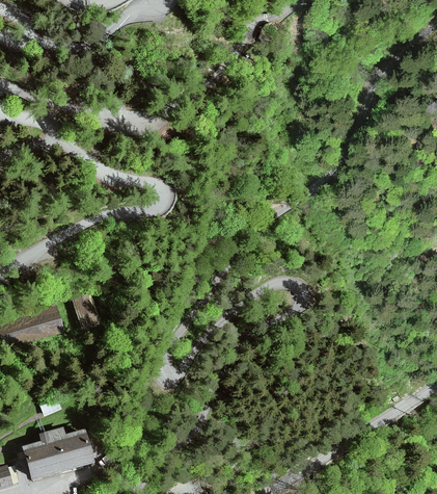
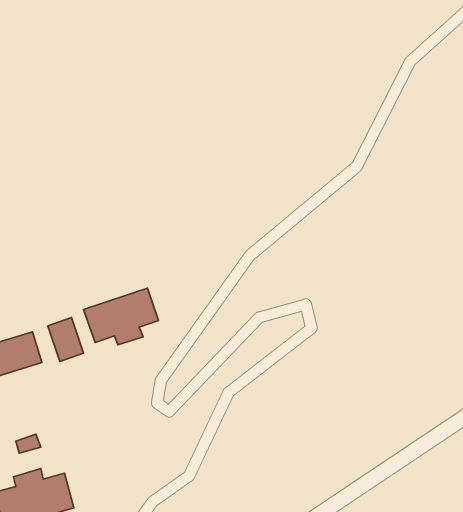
building: none -> [83,288,159,345]

